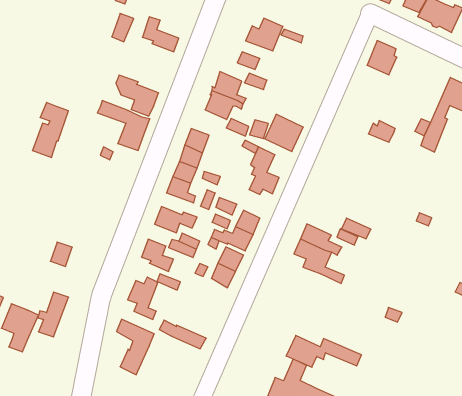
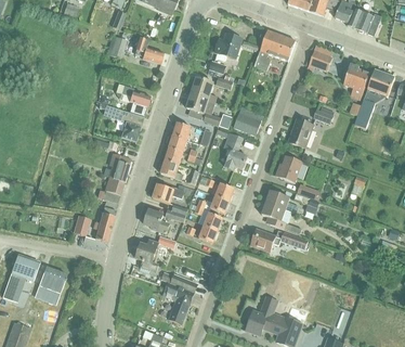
building: none -> [253,29,295,70]
building: none -> [342,63,368,99]
building: [32,102,68,157] -> [103,152,129,194]
building: none -> [287,118,313,147]
building: none -> [275,155,302,182]
building: [38,292,69,337] -> [92,206,115,241]
building: [117,319,154,375] -> [164,282,193,324]
building: [286,335,362,367] -> [249,228,308,252]

